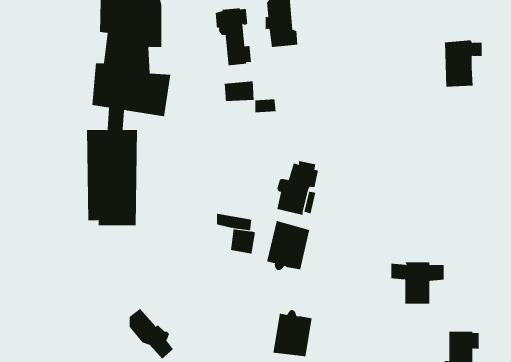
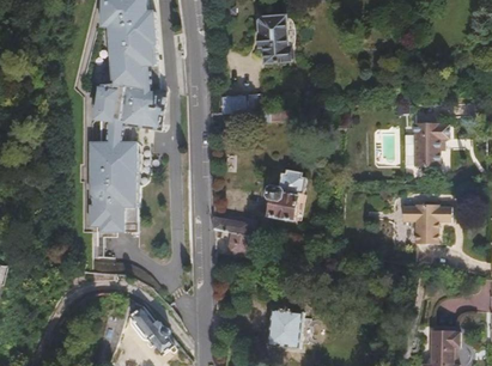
building: [215,7,251,66] -> none
building: [444,40,483,87] -> [406,123,442,167]
building: [266,220,310,271] -> none
building: [390,262,444,304] -> [402,202,452,242]

